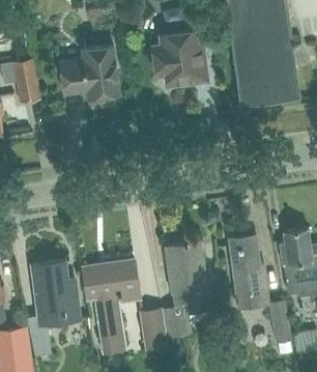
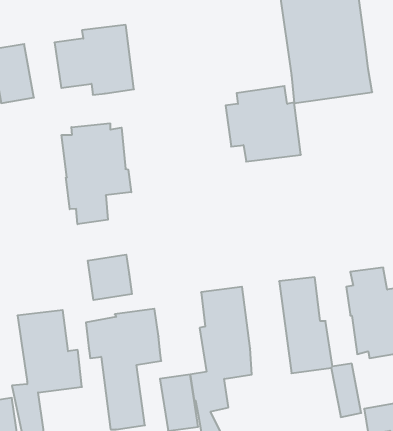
building: [151,31,208,88] -> [226,86,301,162]
building: none -> [62,123,131,224]
building: none -> [88,255,132,300]

